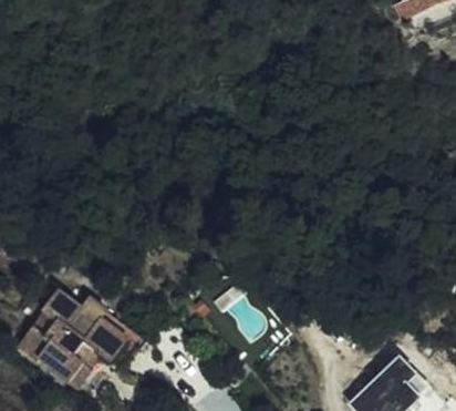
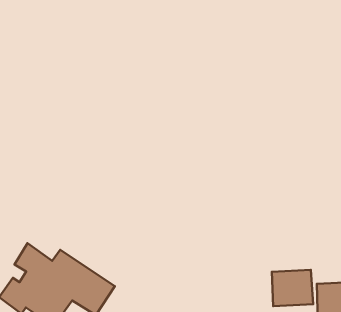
building: none -> [272,270,313,306]

